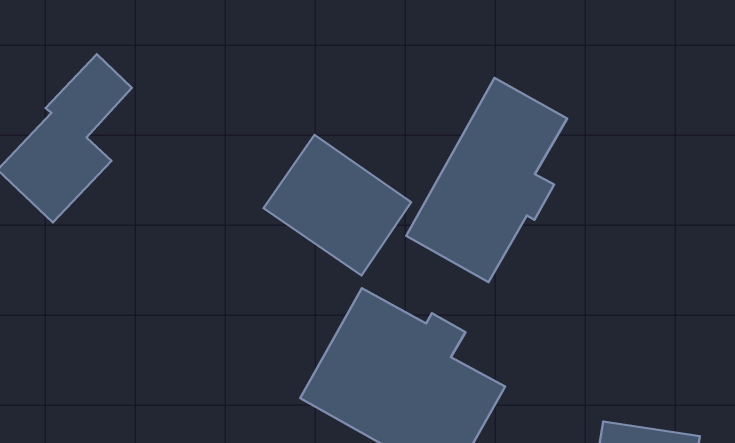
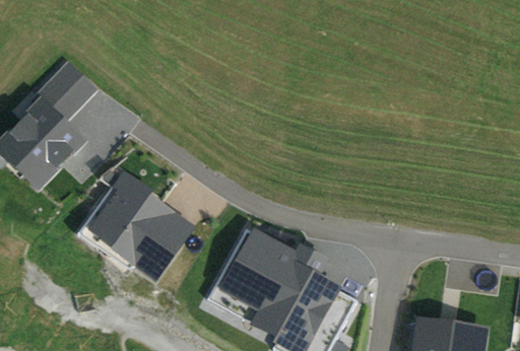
building: [406,78,567,282] -> none
building: [263,135,411,275] -> [88,180,191,277]

